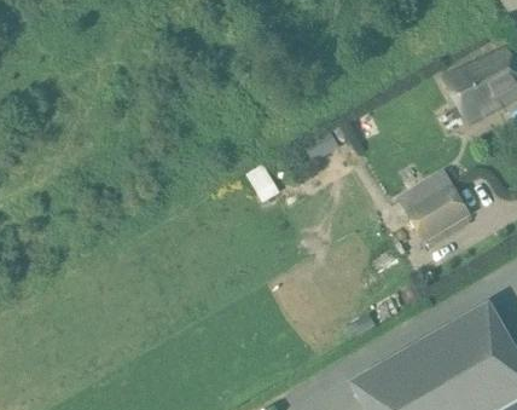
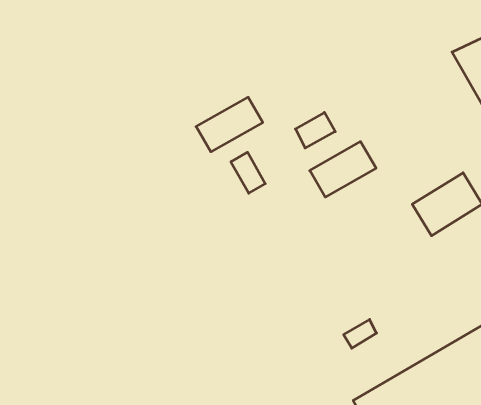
building: none -> [196,97,263,152]
building: none -> [310,142,376,197]

